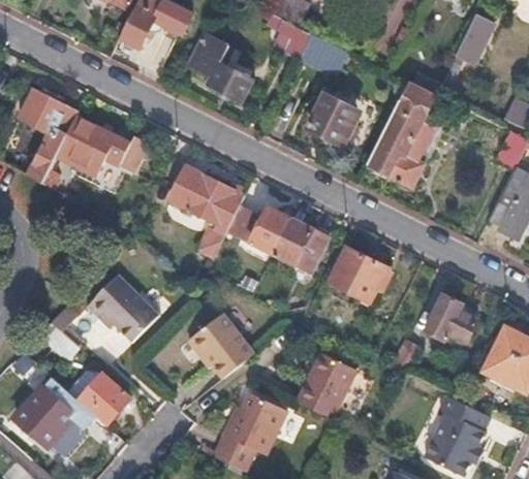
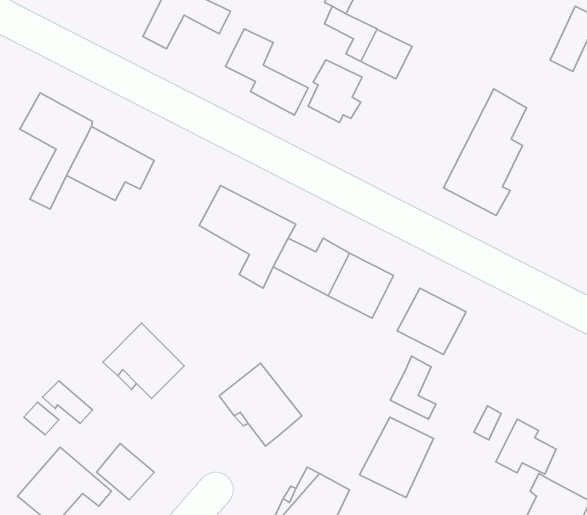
building: [310,93,354,145] -> [308,60,362,122]
building: [426,295,475,341] -> [496,419,556,474]
building: none -> [390,356,436,419]

